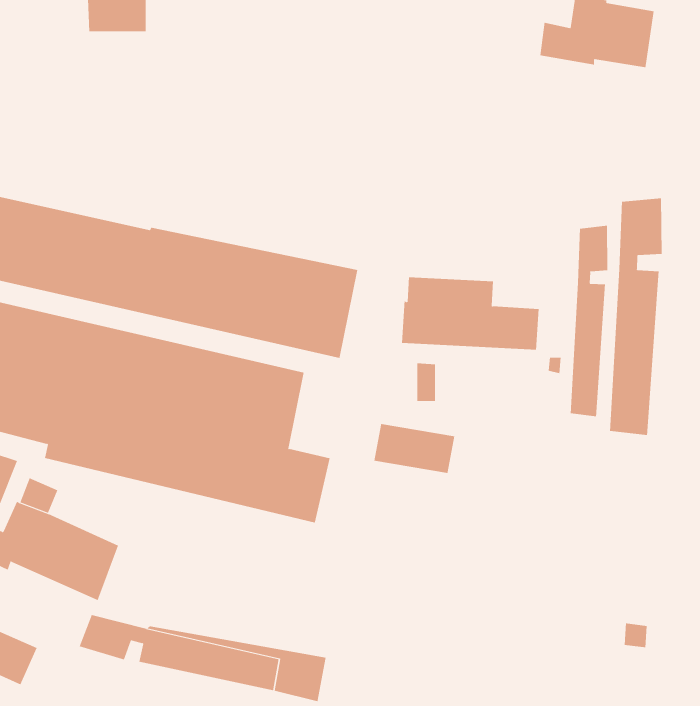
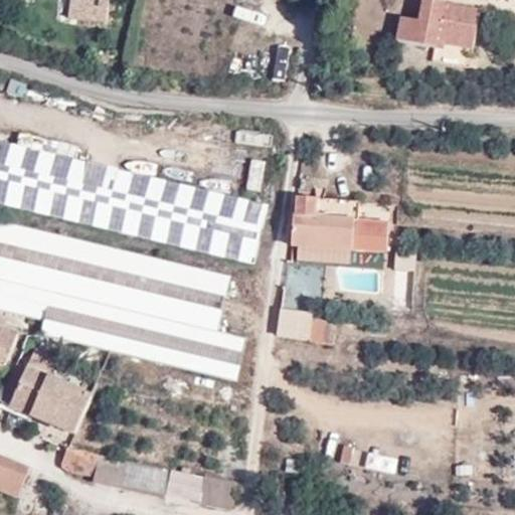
building: [610,197,662,436] -> none
building: [570,225,608,417] -> none

